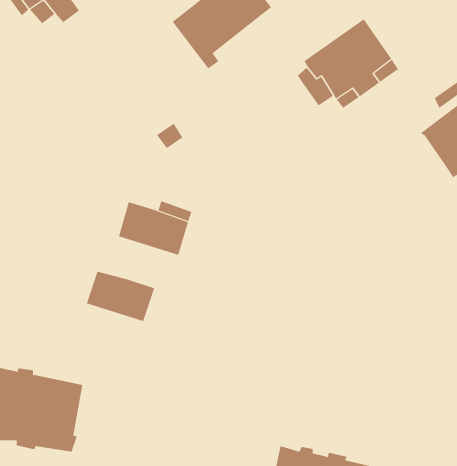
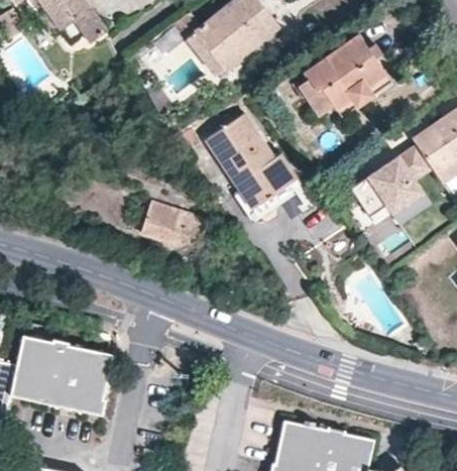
building: none -> [206,111,297,205]
building: none -> [352,140,433,215]
building: [86,271,155,322] -> none

